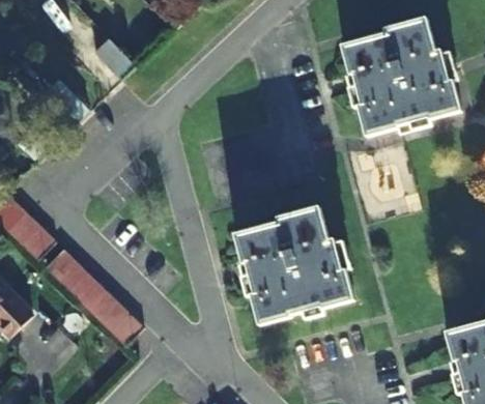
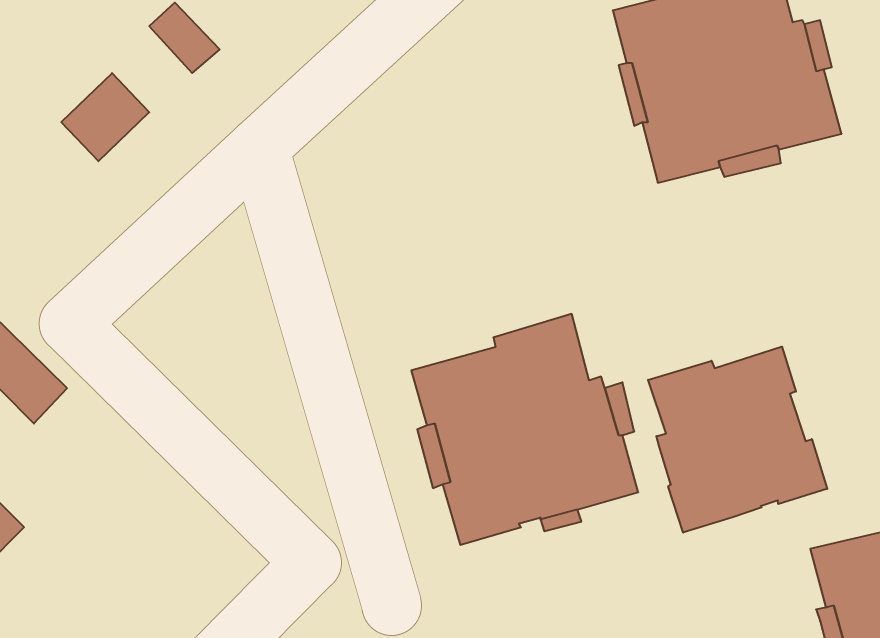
building: none -> [648,347,827,533]
building: [45,252,143,348] -> none

